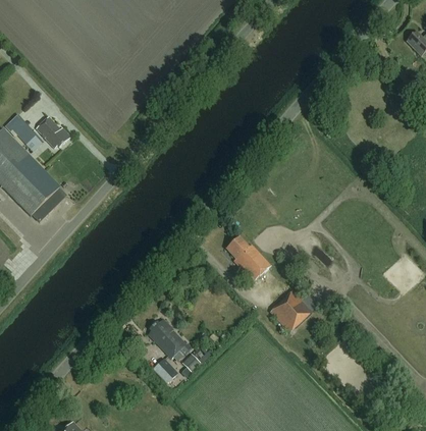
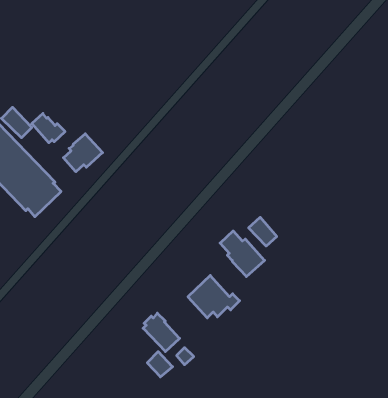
building: none -> [63,134,103,172]
building: none -> [249,217,277,246]
building: [269,289,321,332] -> [188,275,240,318]

